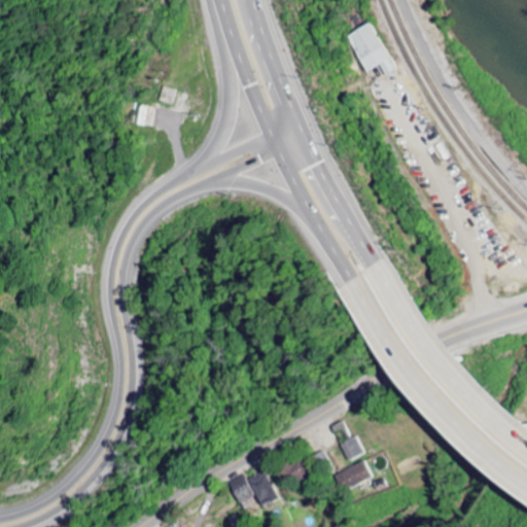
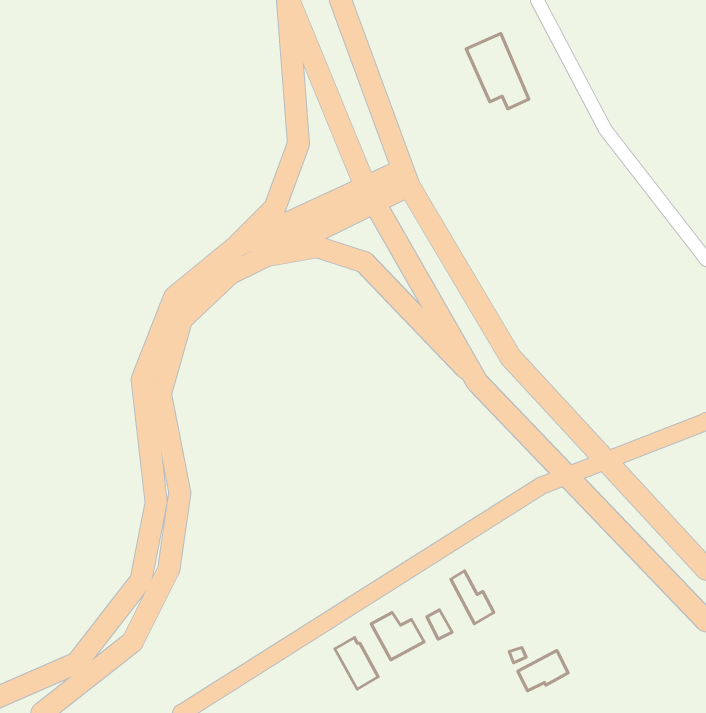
building: [337,460,374,490] -> [518,650,568,691]
building: [227,473,253,502] -> none

